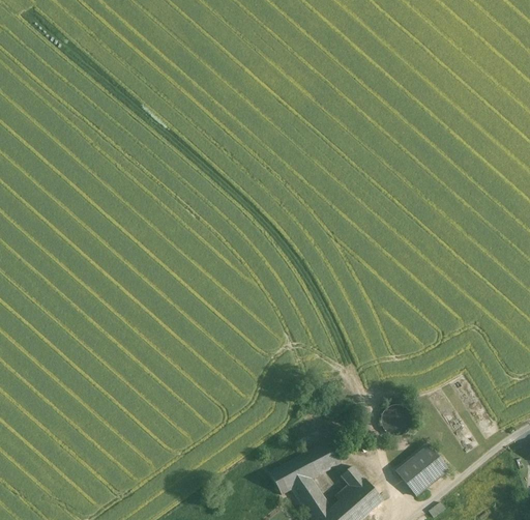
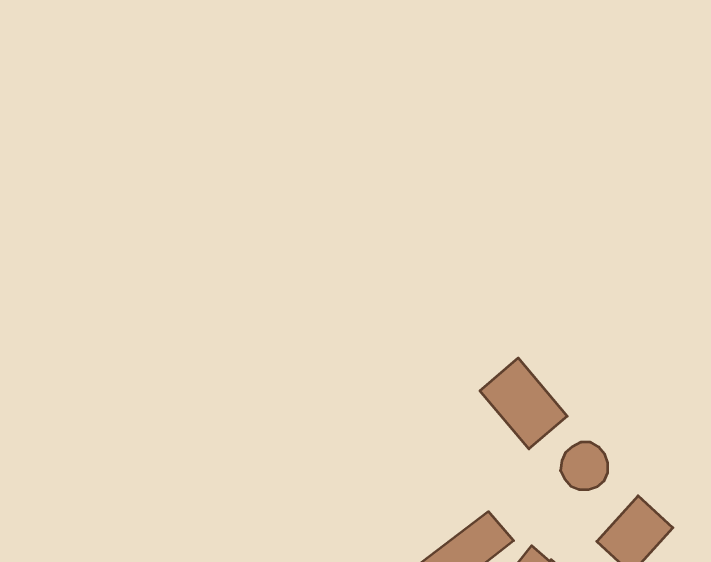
building: none -> [480,358,567,449]

